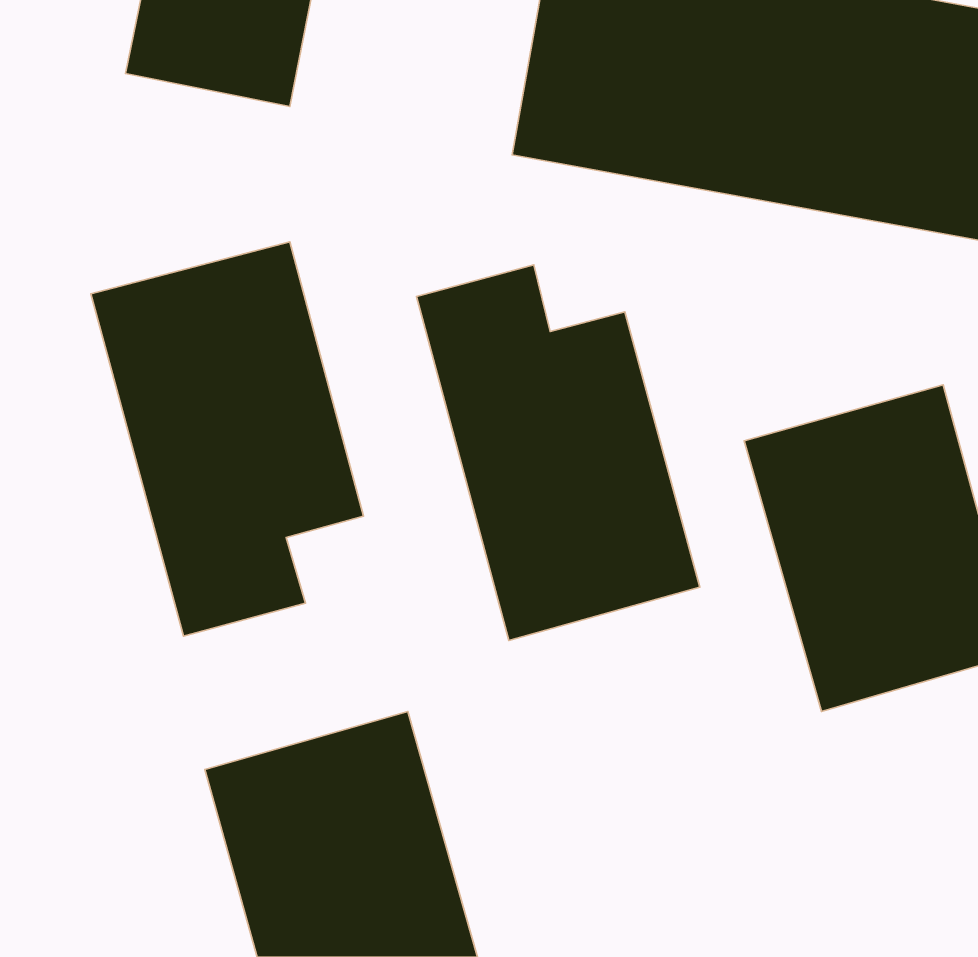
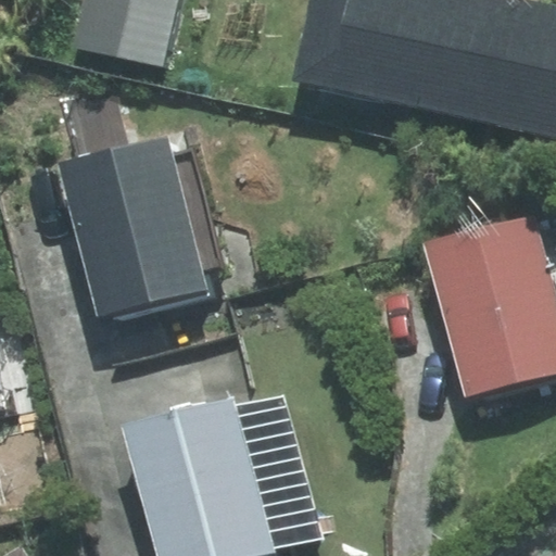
building: [416,265,700,640] -> none

